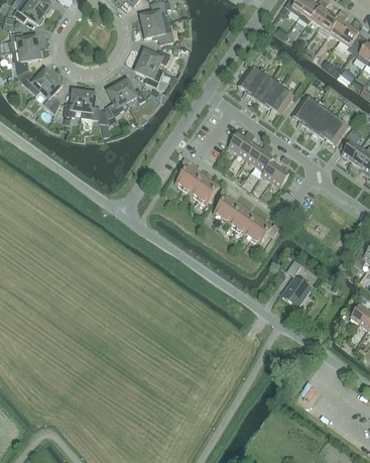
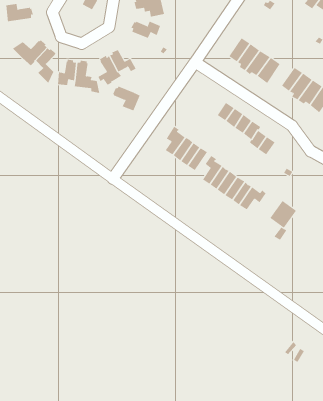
building: [10,45,41,79] -> none
building: [134,60,163,86] -> [112,86,141,111]
building: [282,275,311,305] -> [269,200,297,229]

